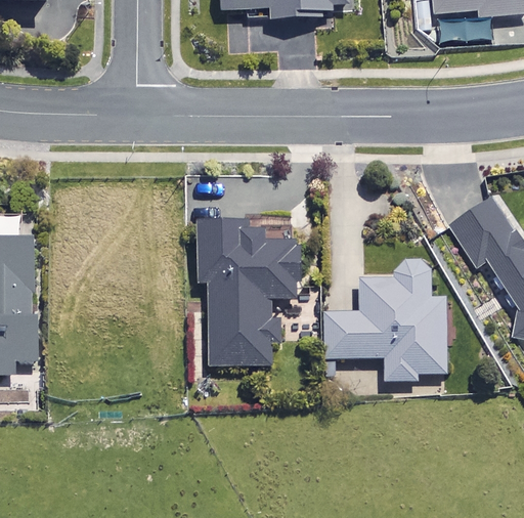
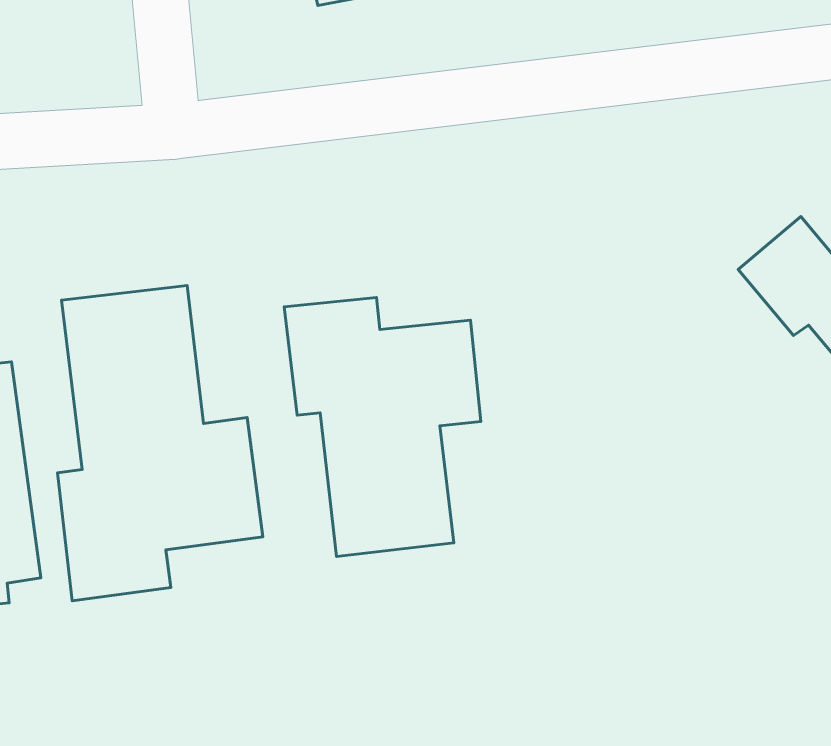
building: none -> [57,285,263,601]
building: [329,260,444,380] -> none

